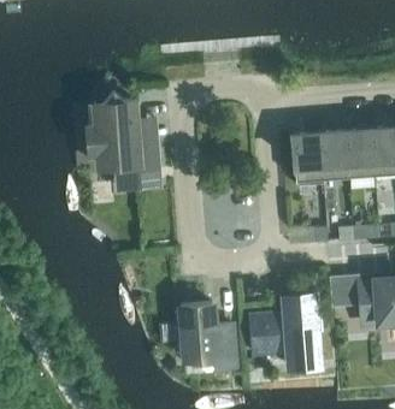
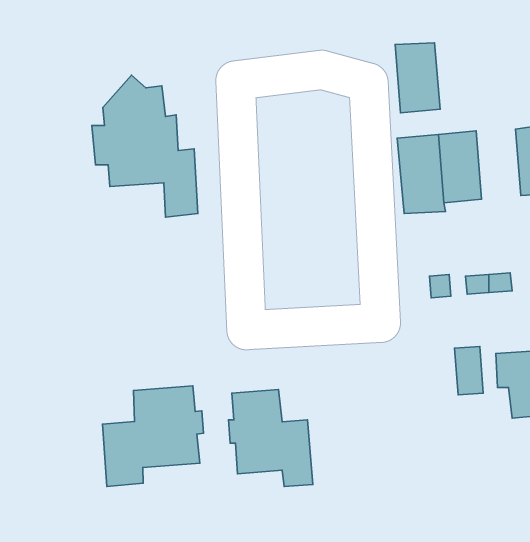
building: [344,129,375,176] -> [395,43,440,113]
building: [250,292,319,367] -> none
building: none -> [103,386,204,486]

